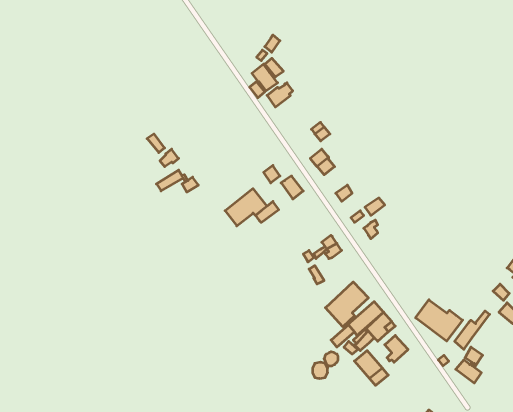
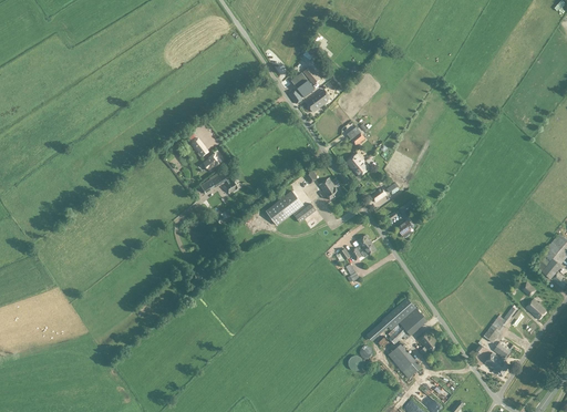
building: [325,282,368,327] -> none
building: [416,300,463,341] -> none

